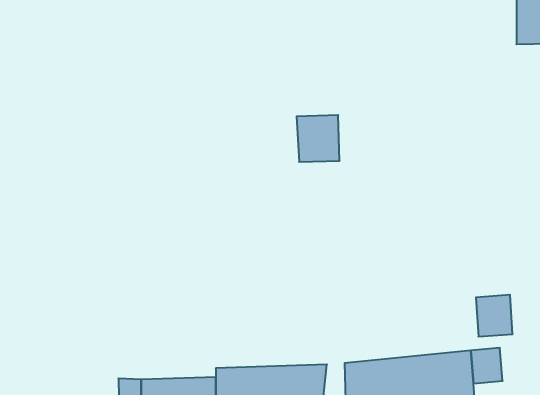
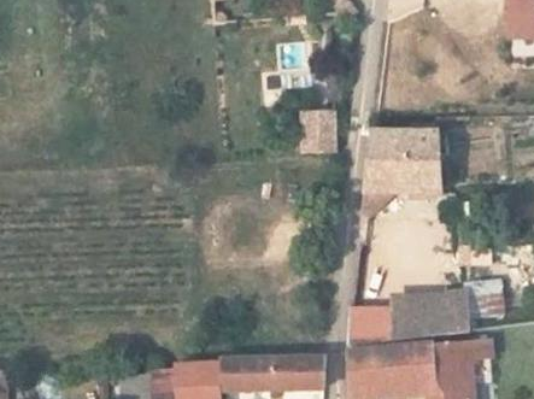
building: none -> [358,136,438,190]
building: none -> [346,288,465,336]

